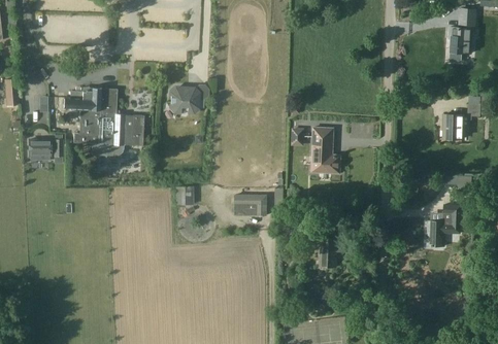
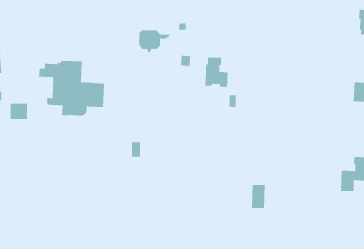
building: [171,88,209,115] -> [138,30,170,53]
building: [311,136,340,172] -> [205,57,229,87]
building: [235,194,267,216] -> none

